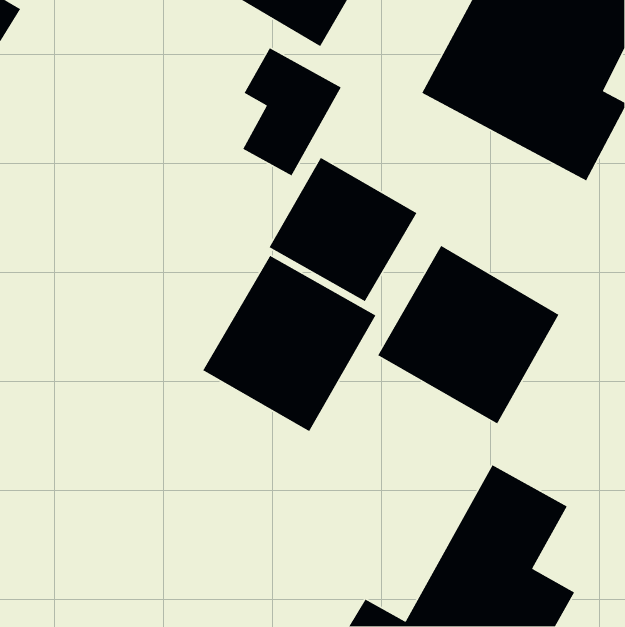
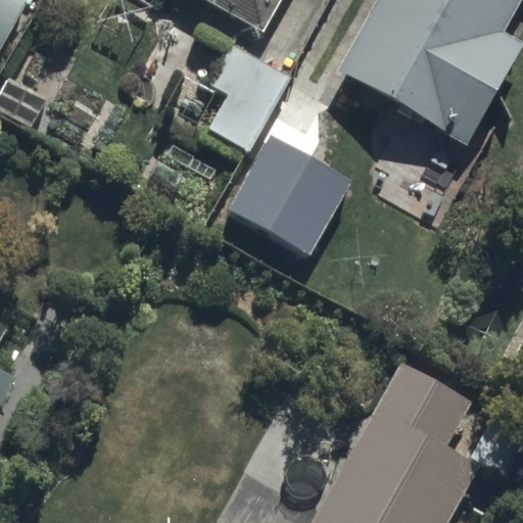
building: [377,245,560,424] -> none
building: [202,255,377,432] -> none

